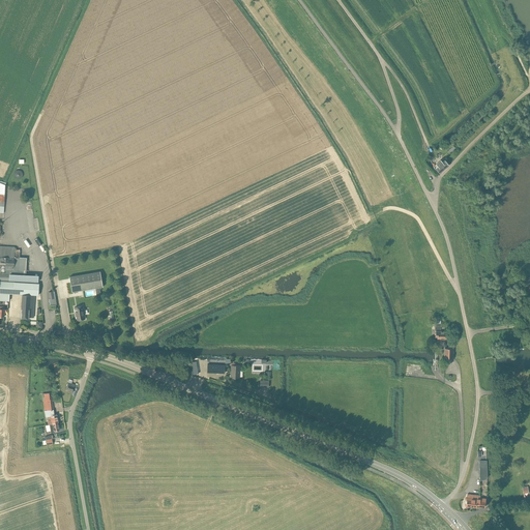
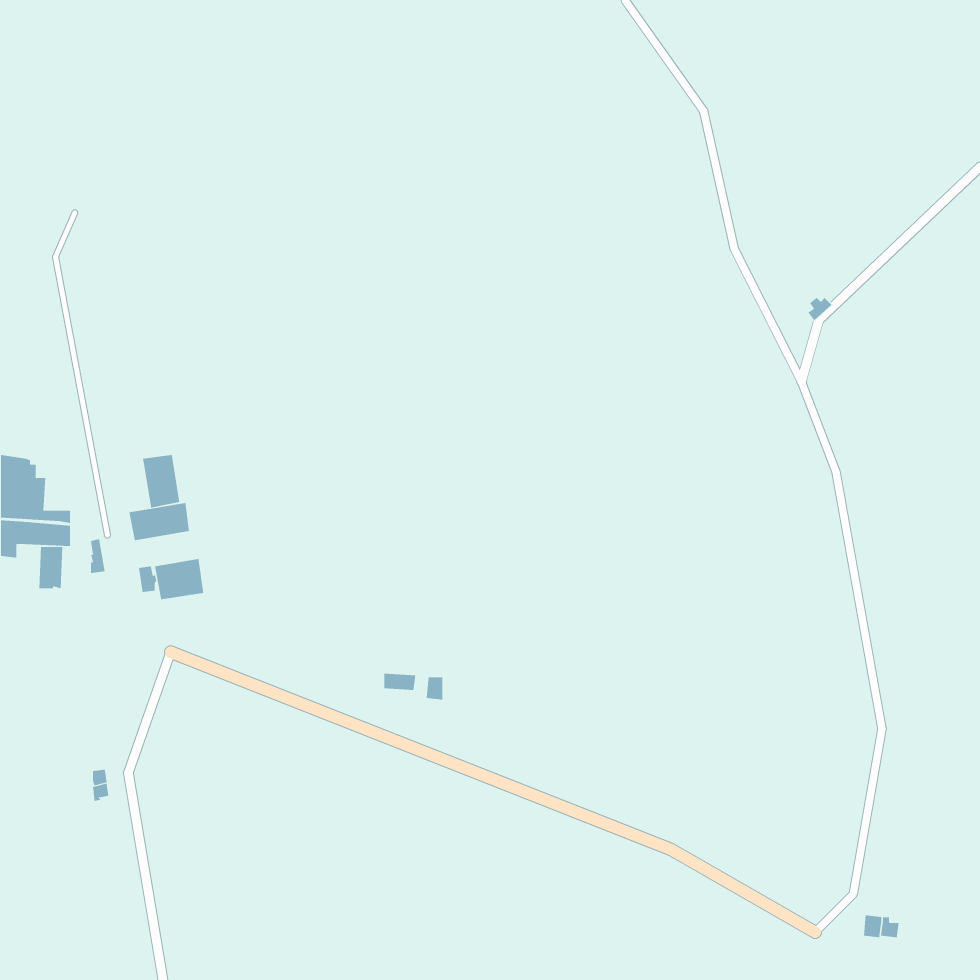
building: none -> [142,454,180,508]
building: none -> [154,558,204,600]

